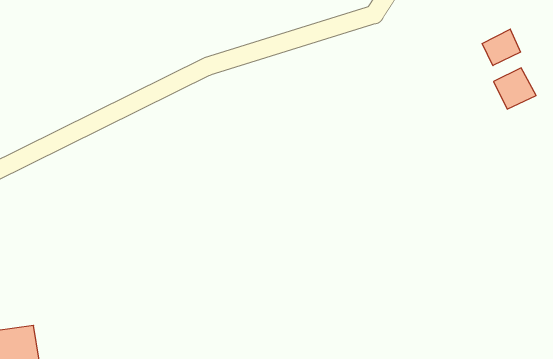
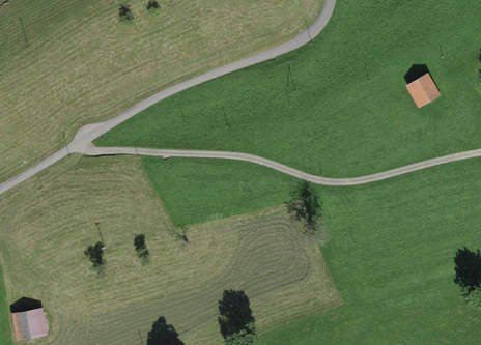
building: [482,29,520,66] -> none

